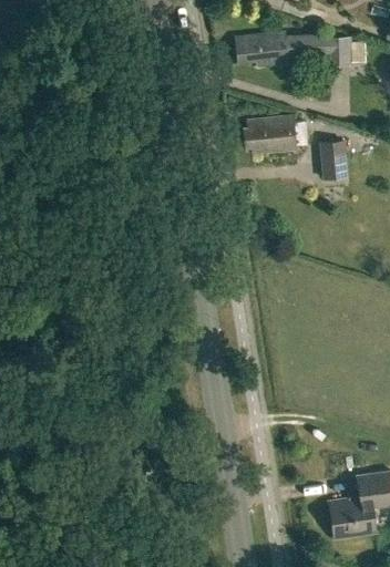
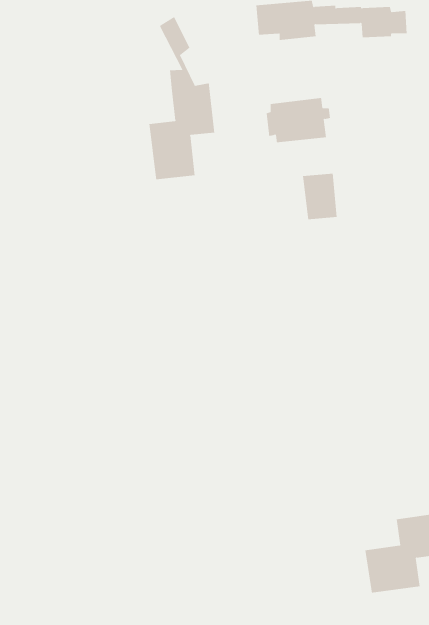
building: none -> [149,16,215,180]
building: [318,140,348,179] -> [302,173,337,220]

